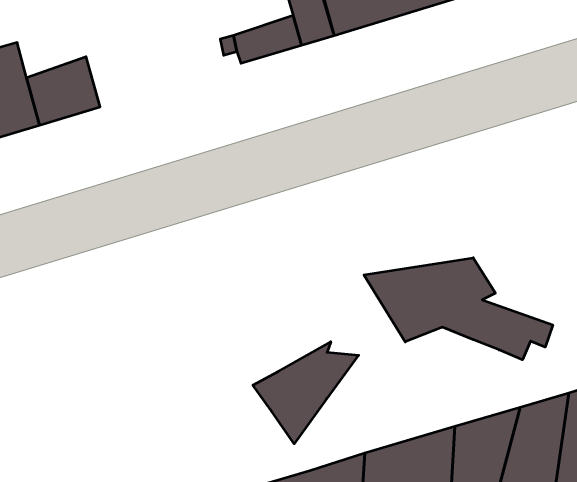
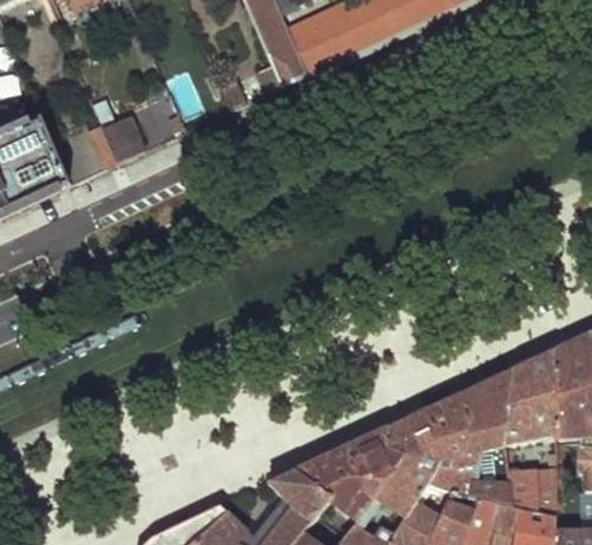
building: none -> [94,96,189,164]
building: [364,258,553,360] -> none
building: [253,342,359,444] -> none

